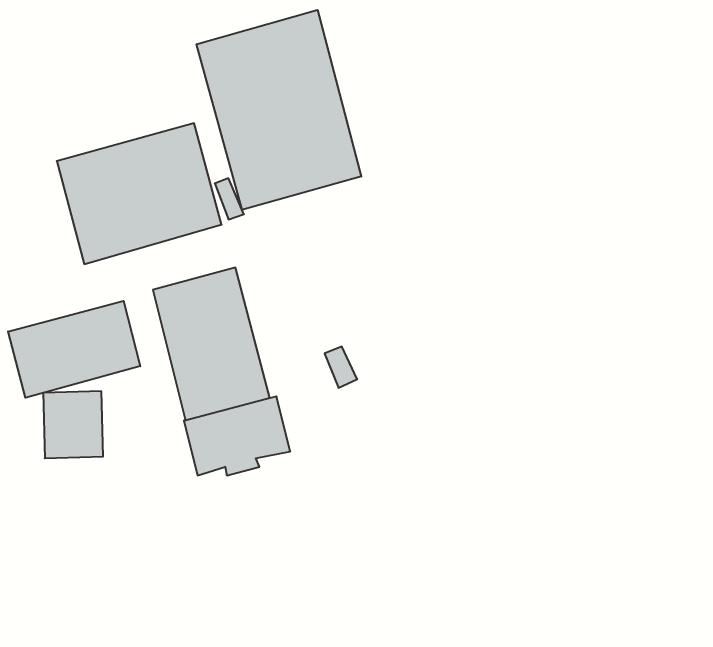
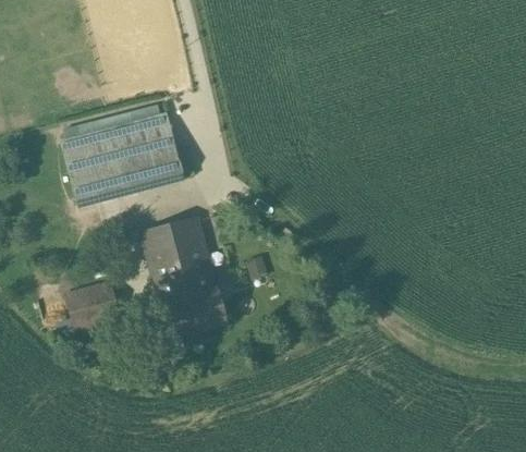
building: [196,10,361,210] -> none
building: [8,301,140,398] -> none

